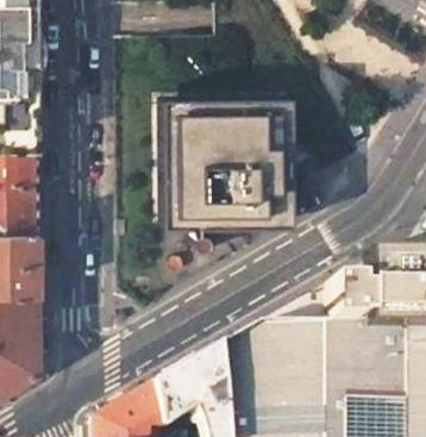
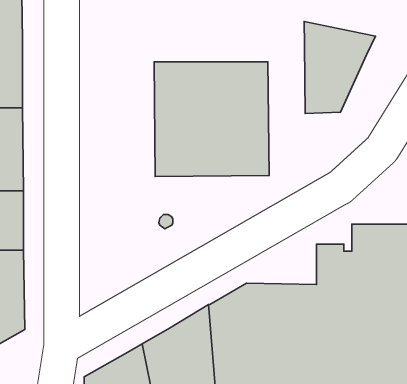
building: none -> [304,21,375,113]

